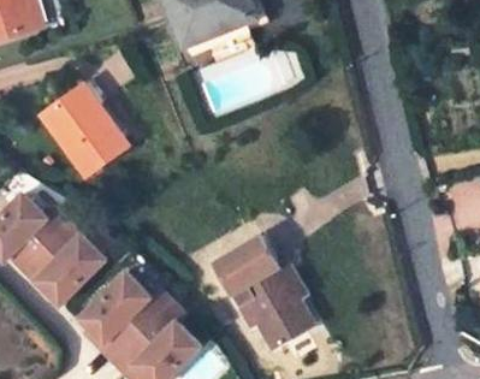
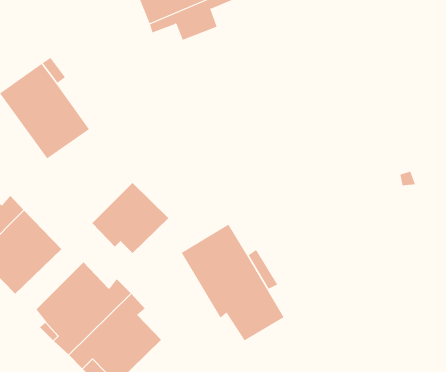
building: none -> [91,182,169,254]

